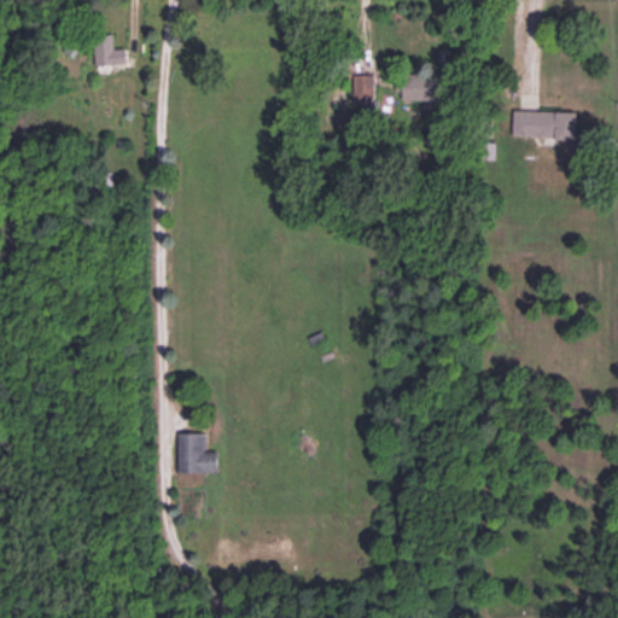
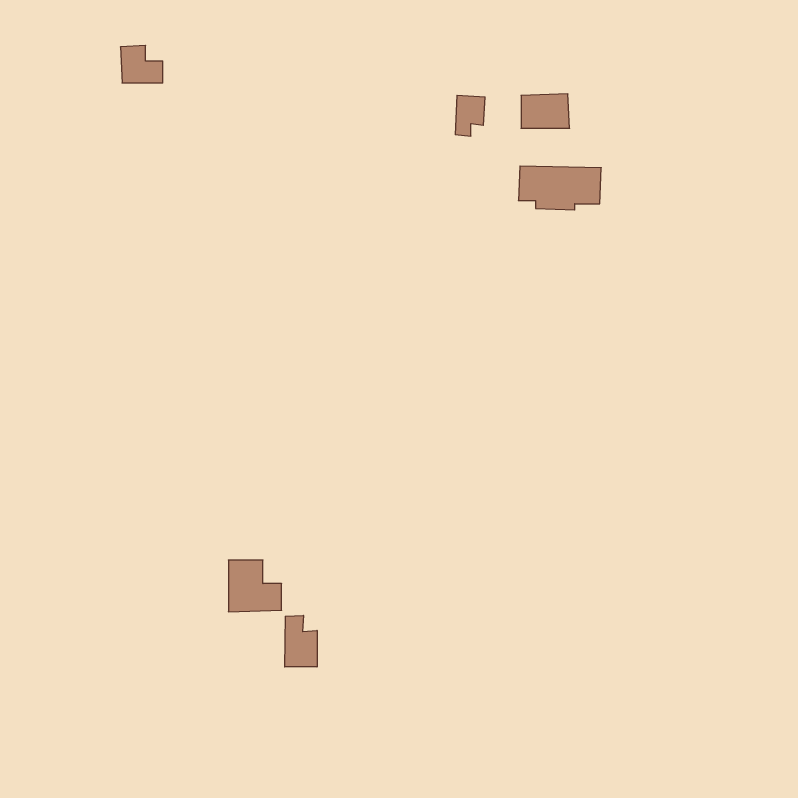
building: [513,111,577,145] -> [518,166,601,210]
building: none -> [285,615,317,667]

